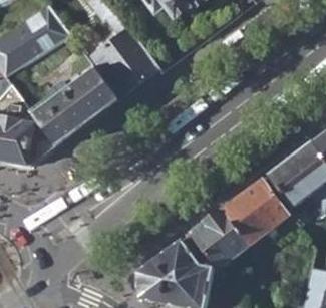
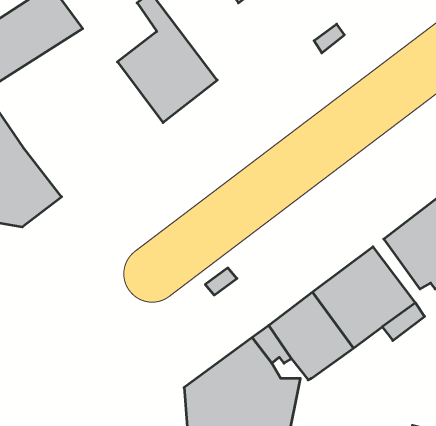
building: [29,67,116,146] -> none

